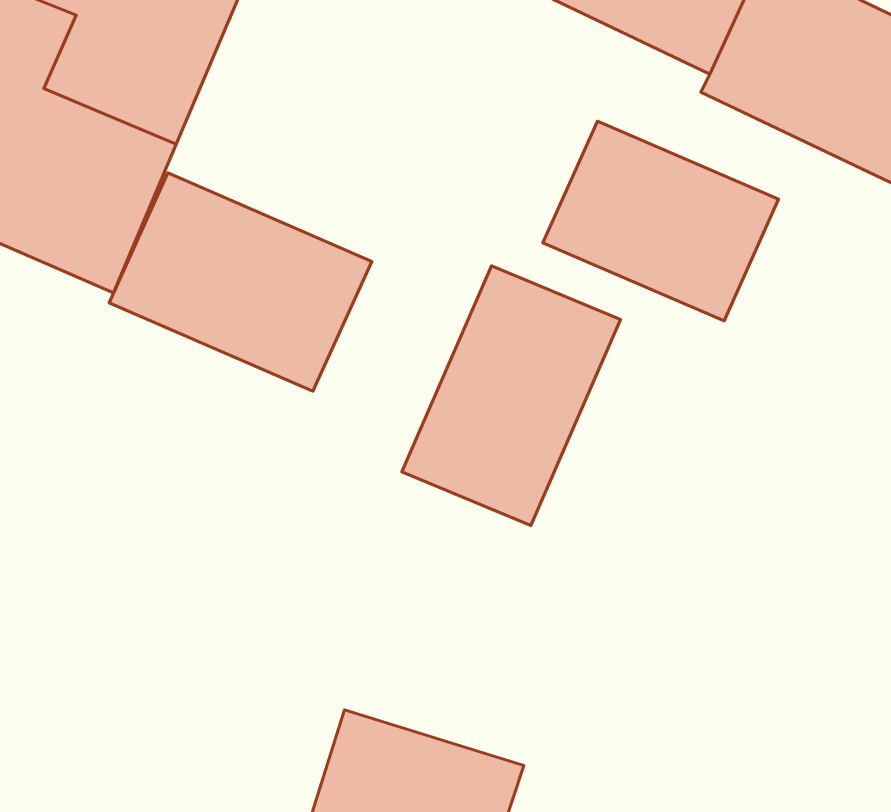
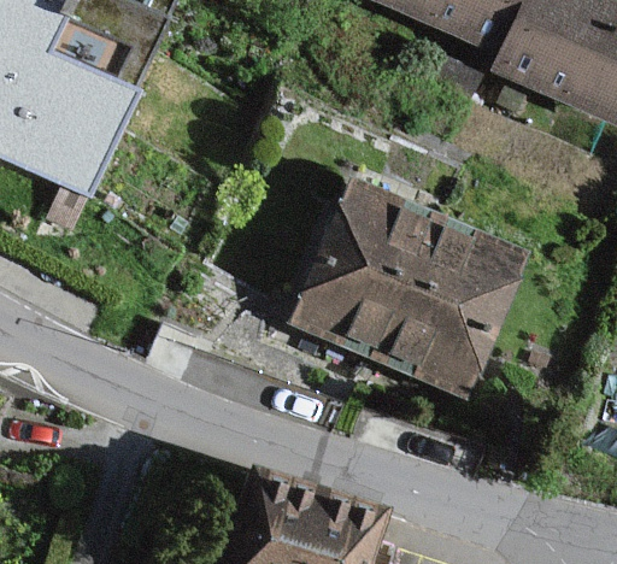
building: [543,121,779,321] -> none
building: [109,173,372,391] -> none
building: none -> [371,218,517,394]

